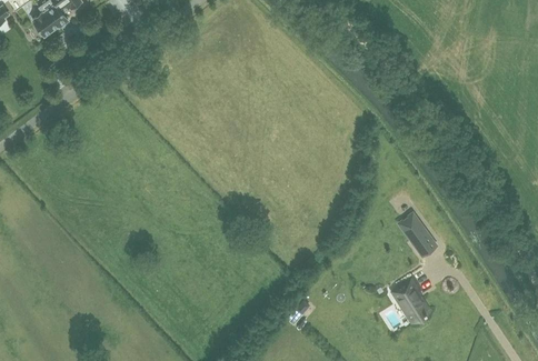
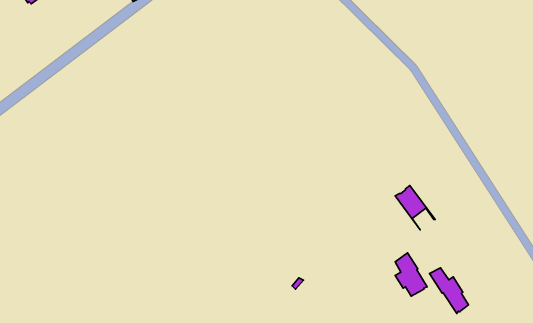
building: none -> [429,268,469,313]

